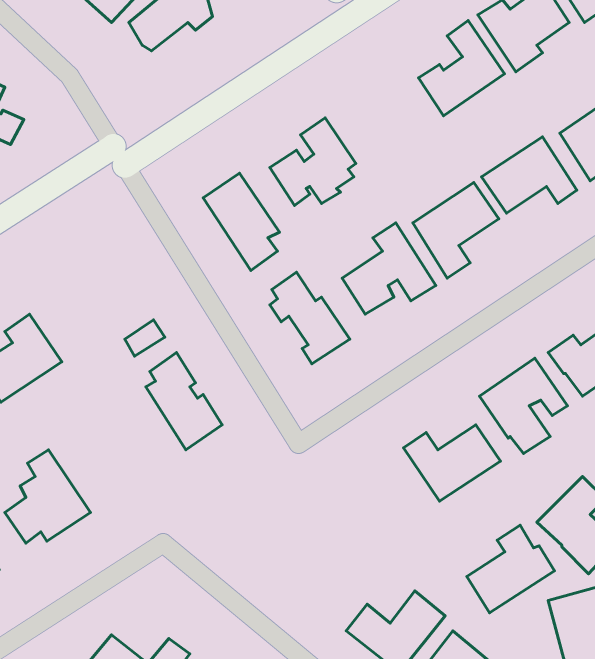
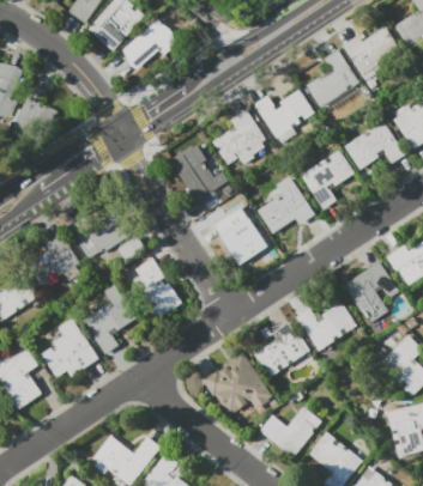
building: none -> [255,87,315,138]
building: none -> [68,213,129,260]
building: none -> [81,285,137,354]
building: none -> [201,353,272,412]
building: [467,525,554,613] -> [254,322,309,377]

